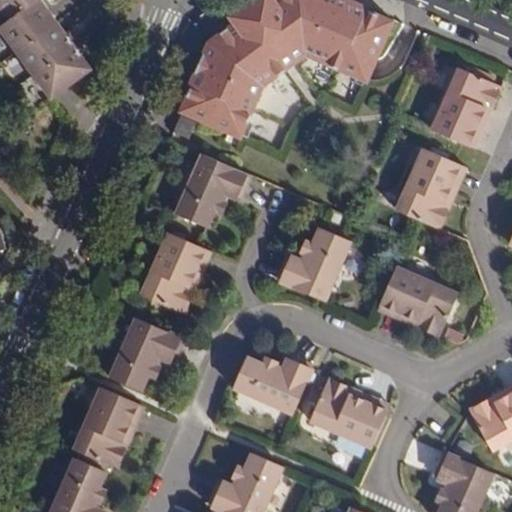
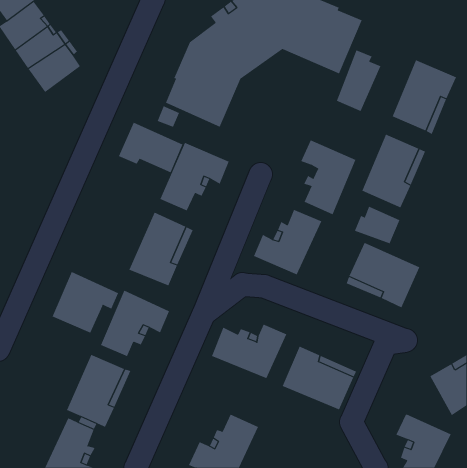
building: none -> [336,49,381,112]
building: none -> [118,122,183,173]
building: none -> [300,140,356,215]
building: none -> [354,206,400,244]
building: none -> [52,271,119,333]

